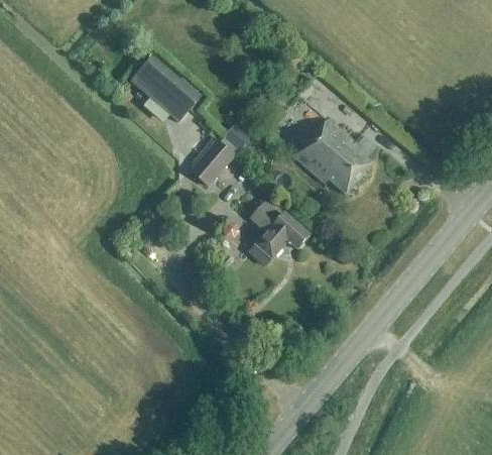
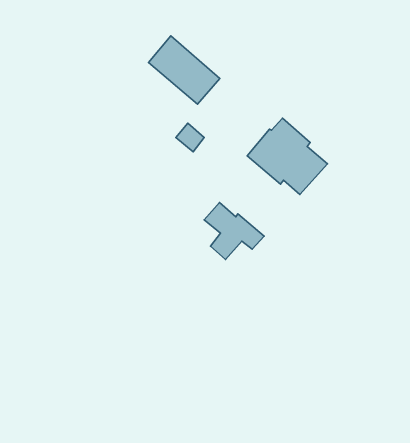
building: [129,53,200,121] -> [149,36,220,104]
building: [187,140,233,189] -> none

